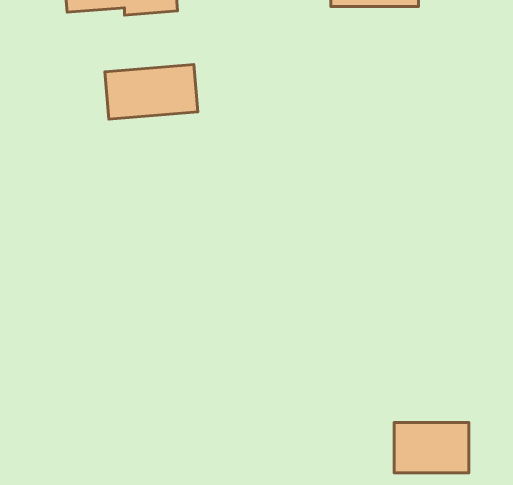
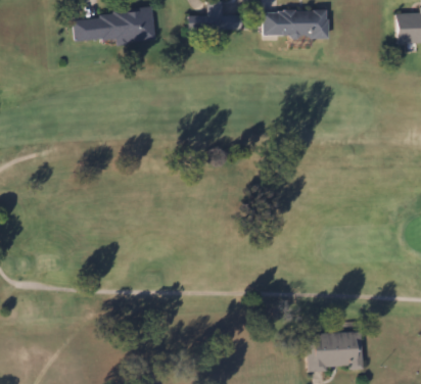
building: [105,64,198,119] -> none

